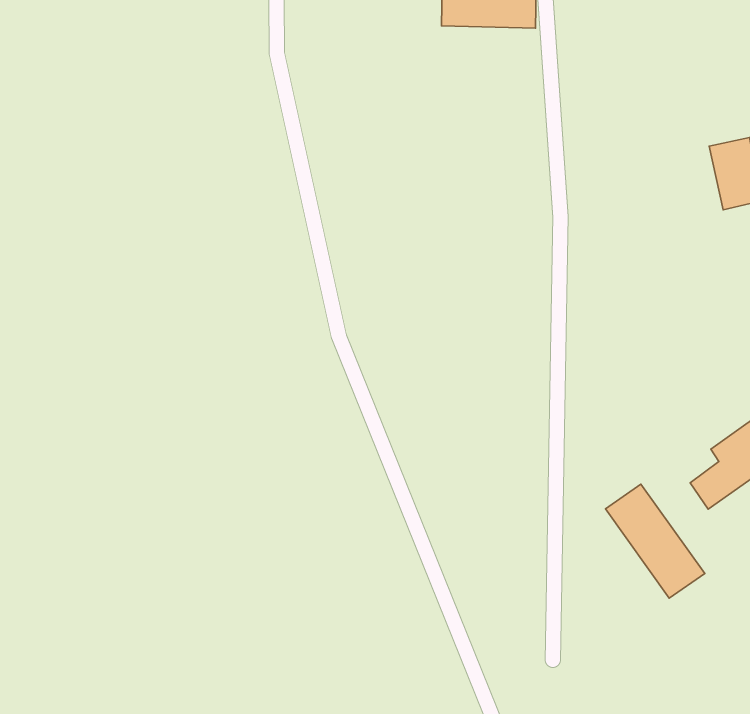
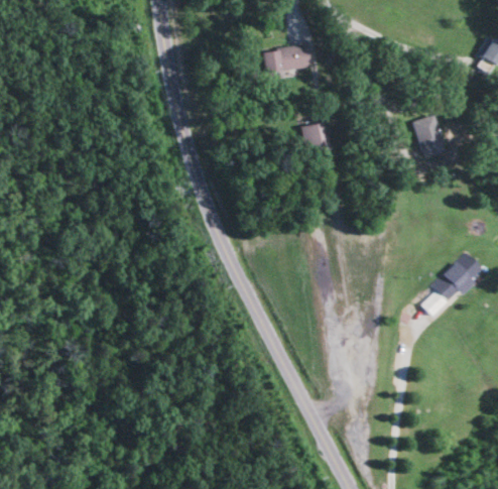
building: none -> [303,121,332,152]
building: [605,484,705,598] -> none

